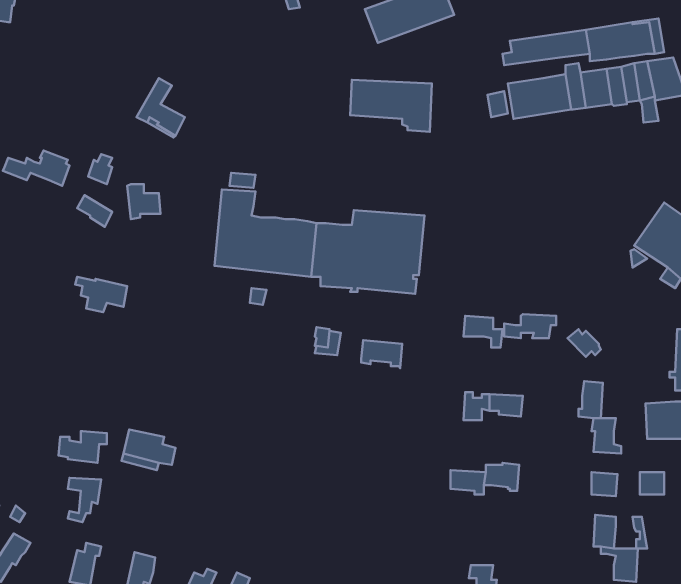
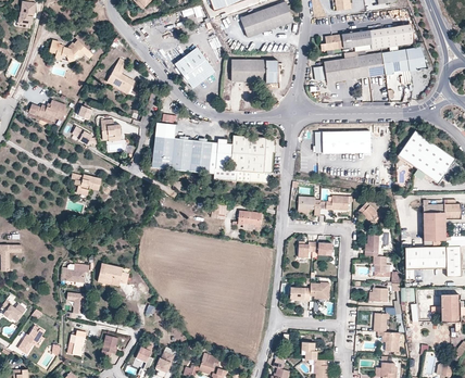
building: none -> [49,32,91,61]
building: none -> [174,48,215,89]
building: none -> [314,130,370,152]

